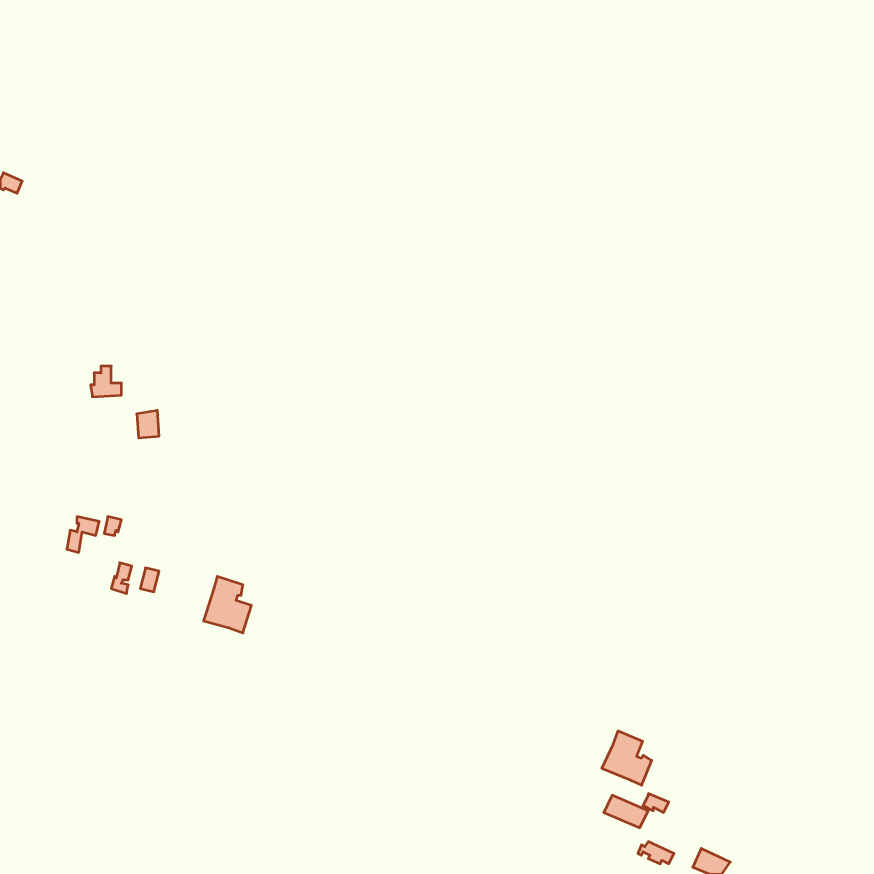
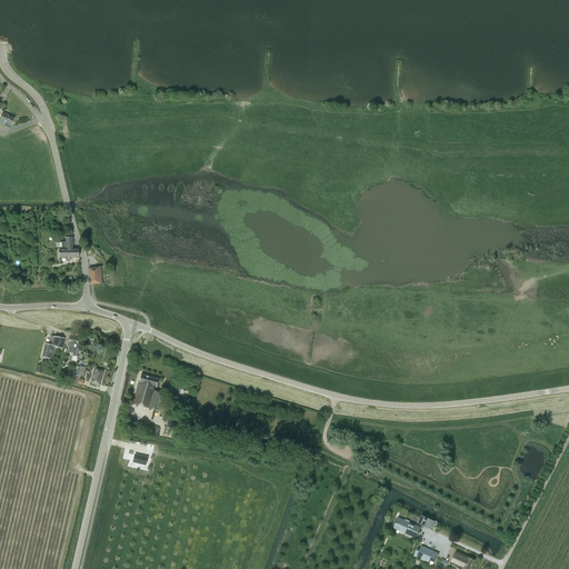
building: [602,731,652,785] -> none

